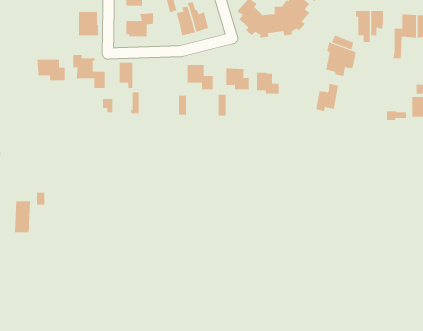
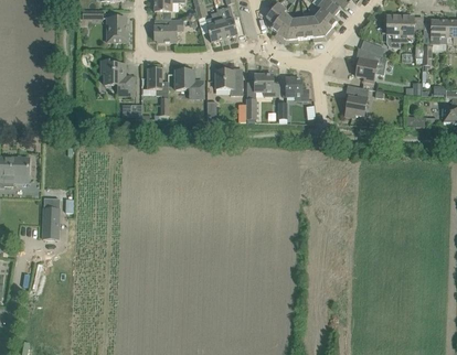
building: [37,59,65,81] -> none
building: none -> [176,67,203,97]

